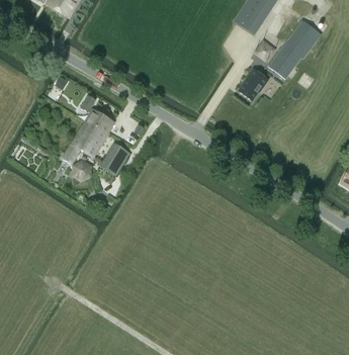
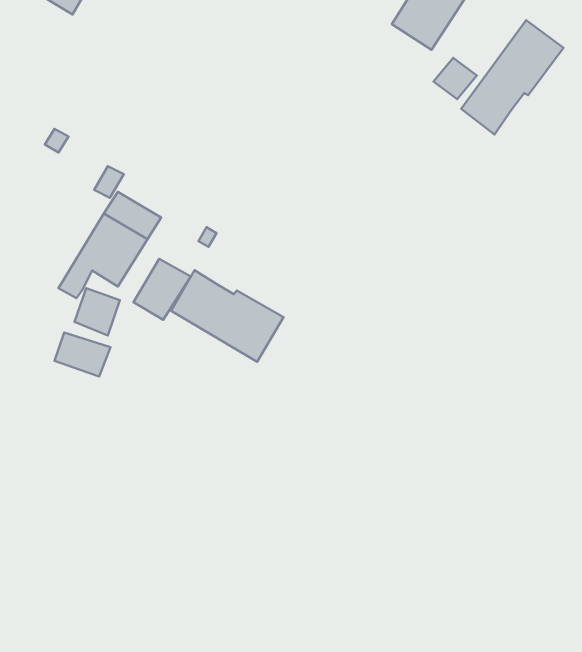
building: [238,68,267,99] -> none
building: none -> [171,270,284,362]
building: none -> [54,332,110,377]

